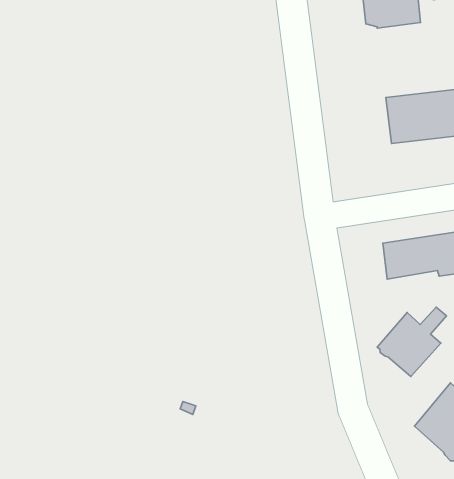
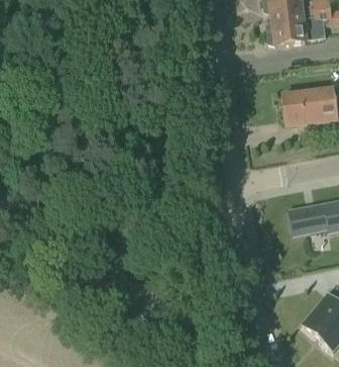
building: [377,307,446,376] -> none

